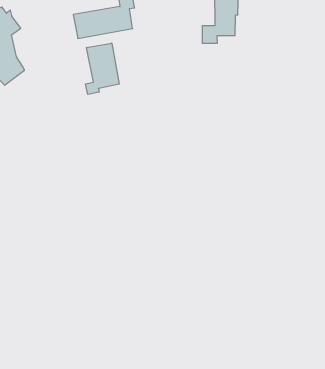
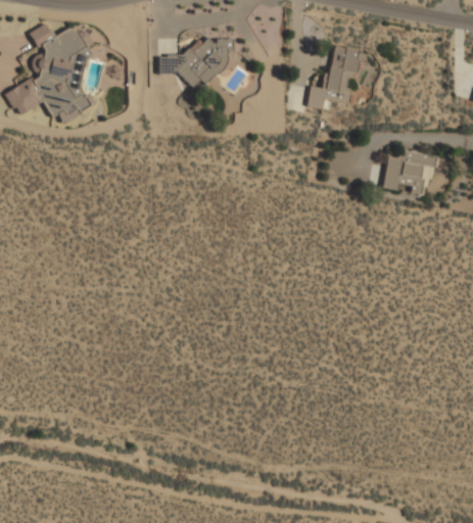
building: [86,43,119,94] -> none
building: none -> [383,148,437,195]

